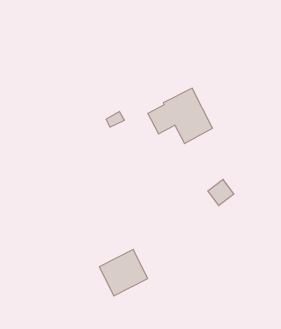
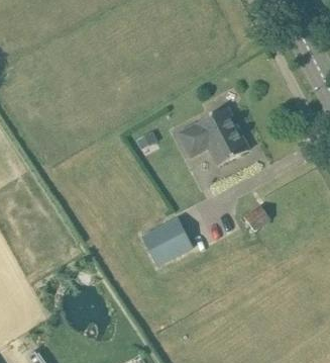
building: [99,249,148,296] -> [141,218,192,267]

